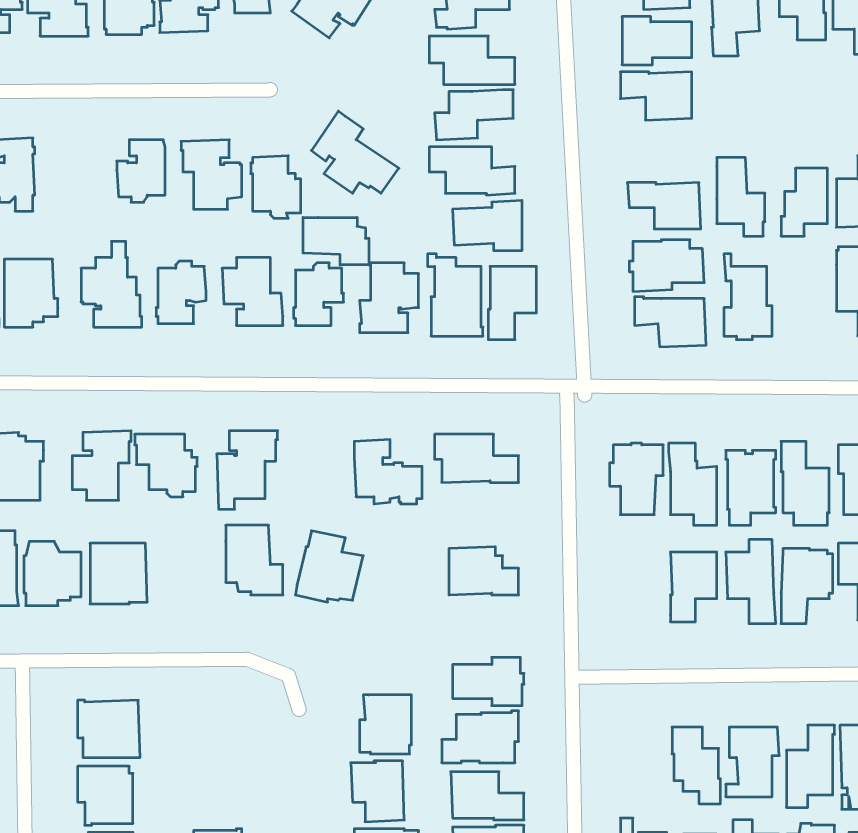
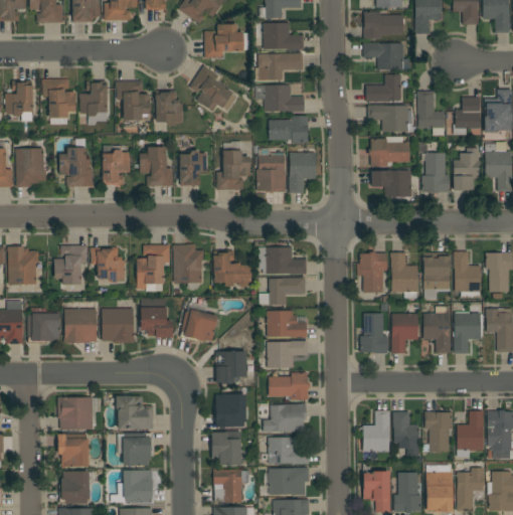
building: none -> [204,24,243,58]
building: none -> [366,74,401,103]
building: none -> [42,79,75,119]
building: [303,217,369,265] -> none
building: none -> [453,148,479,191]
building: none -> [172,244,203,283]
building: none -> [259,278,305,305]
building: none -> [102,309,134,343]
building: none -> [360,314,387,353]
building: none -> [267,341,308,368]
building: none -> [215,352,255,384]
building: none -> [116,396,153,430]
building: none -> [363,411,389,460]
building: none -> [118,434,153,467]

